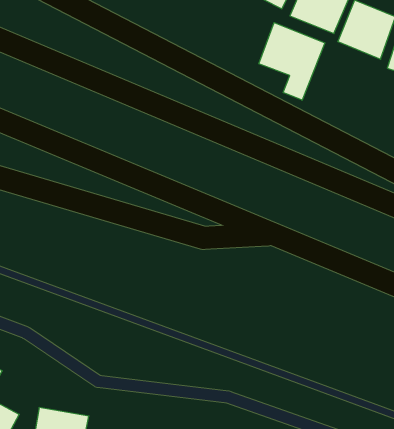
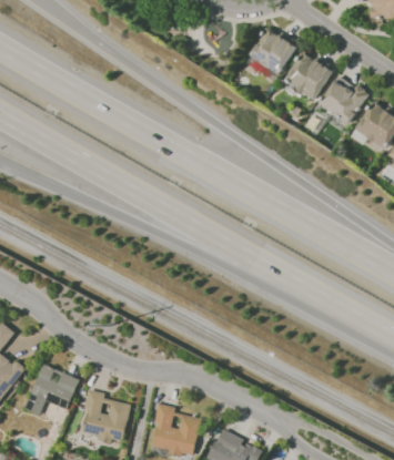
building: [259,23,325,100] -> none

